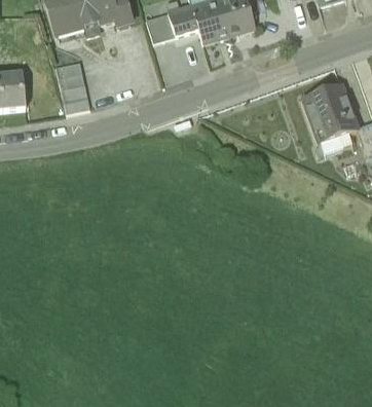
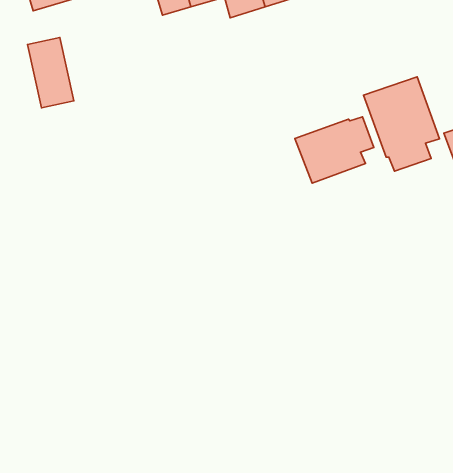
building: none -> [295,117,374,183]

